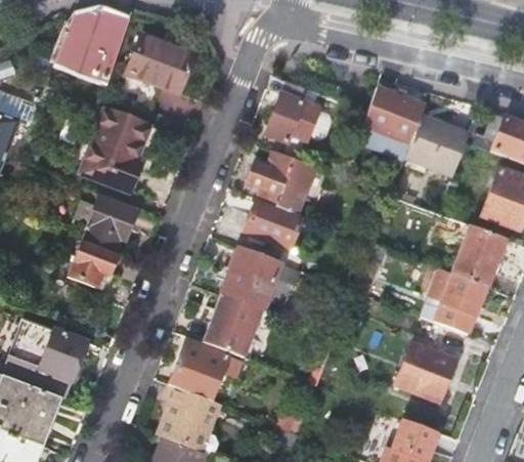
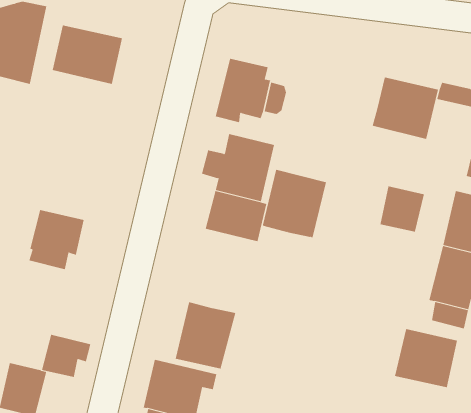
building: [361,82,424,145] -> none
building: [81,110,147,191] -> none
building: none -> [380,185,424,233]
building: [70,244,117,285] -> [41,334,91,377]
building: [220,246,282,311] -> [262,169,327,238]

